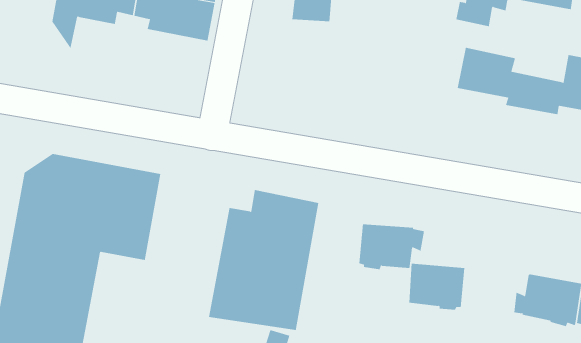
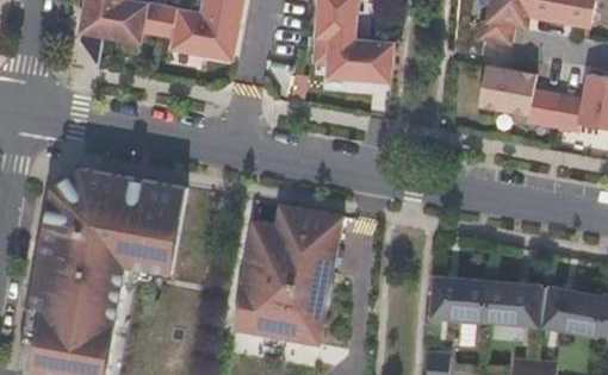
building: none -> [312,37,393,81]
building: [358,224,425,270] -> [483,282,548,327]

